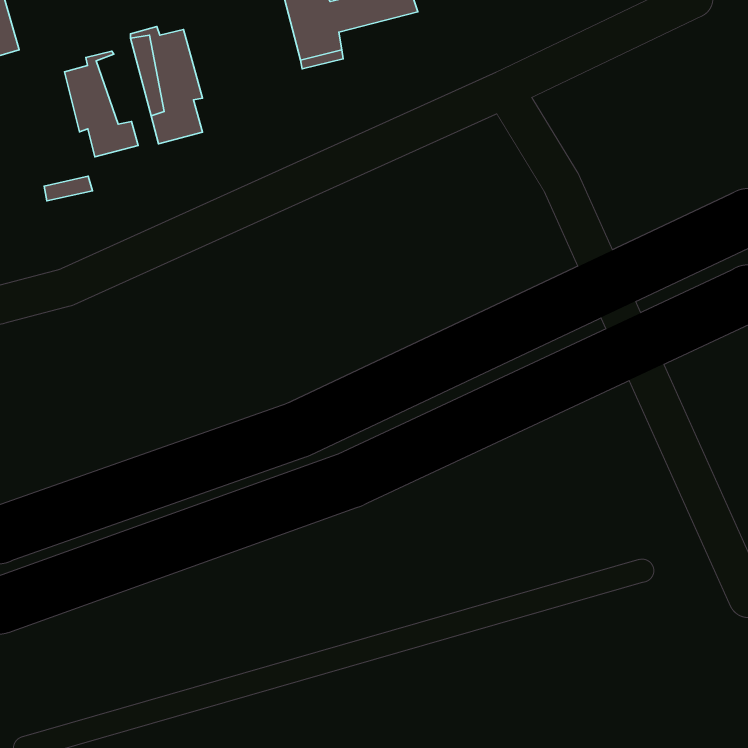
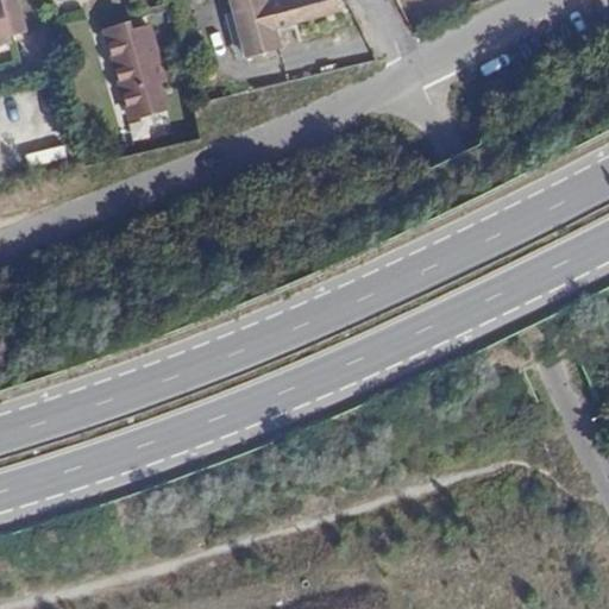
building: [64,51,138,157] -> none

